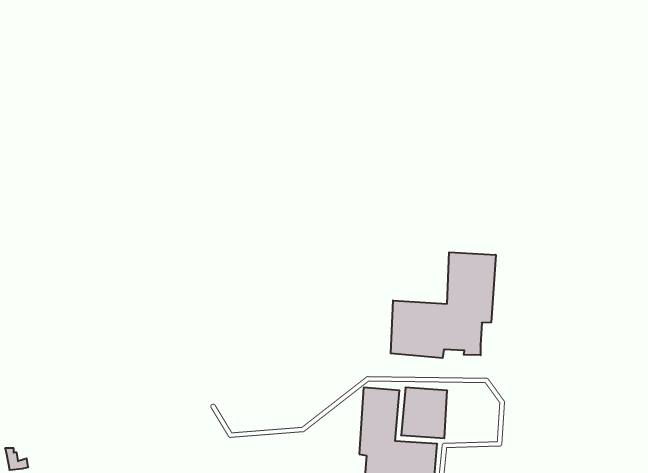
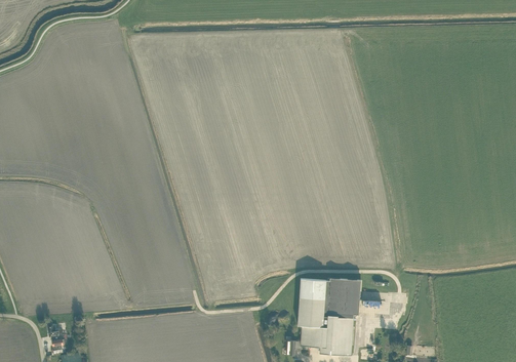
building: [391,252,496,358] -> none

